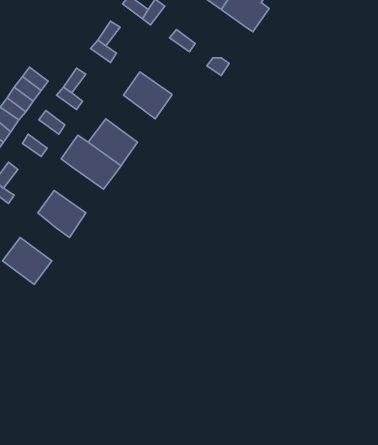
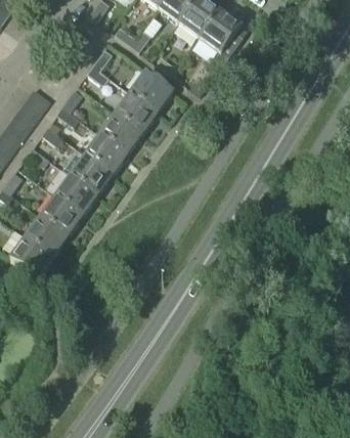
building: none -> [129,71,173,112]
building: none -> [99,113,142,154]
building: none -> [54,175,97,215]
building: none -> [25,215,68,257]

